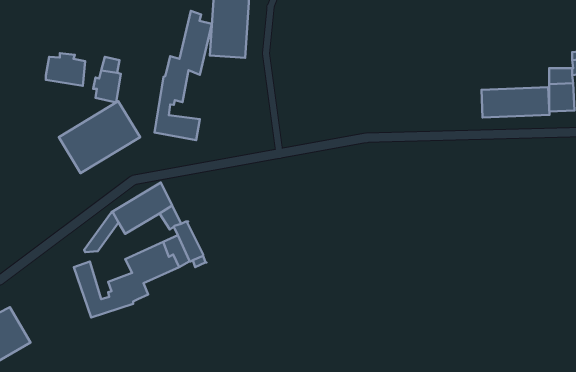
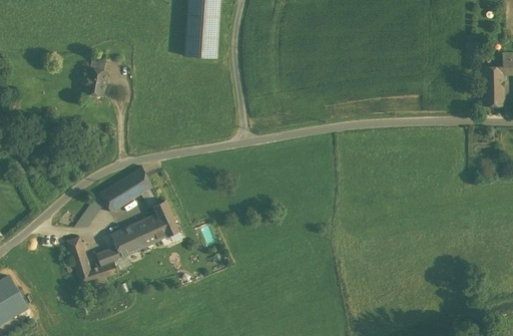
building: [154,11,212,140] -> none
building: [46,53,85,86] -> none
building: [481,87,549,118] -> none
building: [59,101,140,173] -> none

